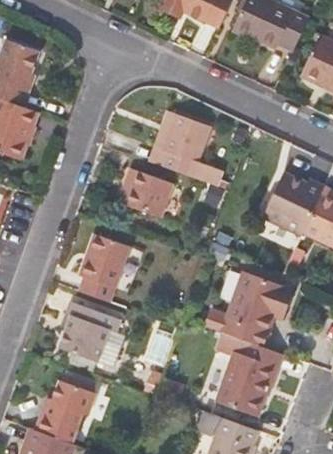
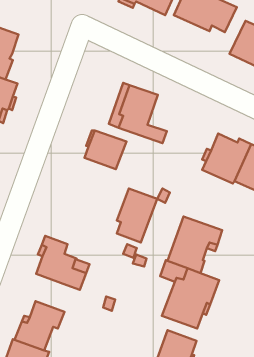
building: [79,235,129,302] -> [117,188,157,242]

